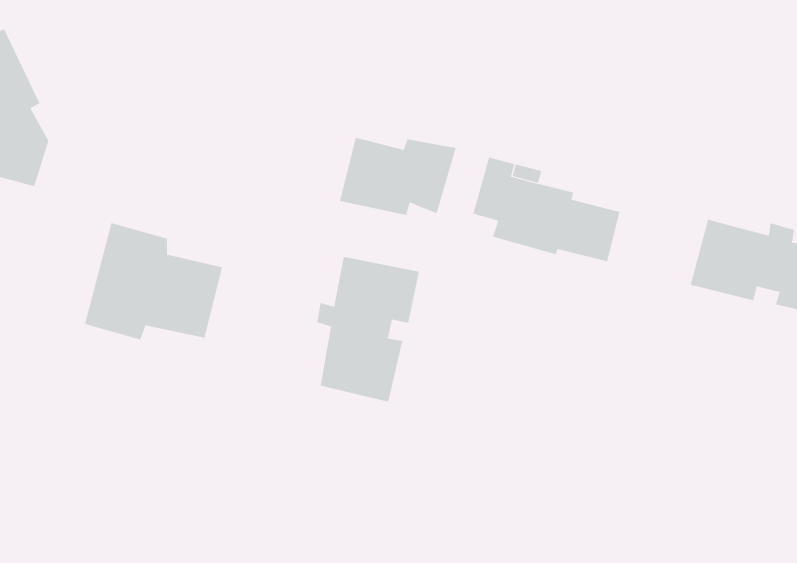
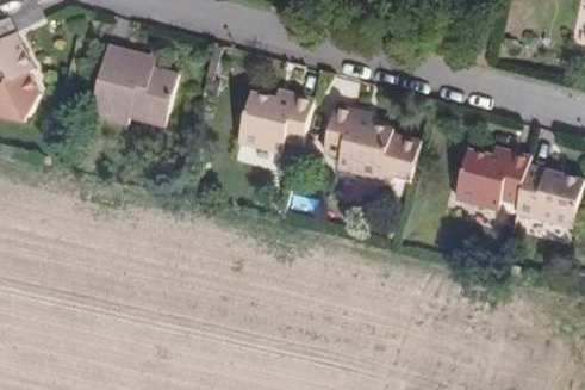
building: [84,223,223,340] -> [82,39,175,118]
building: [317,256,420,403] -> none

